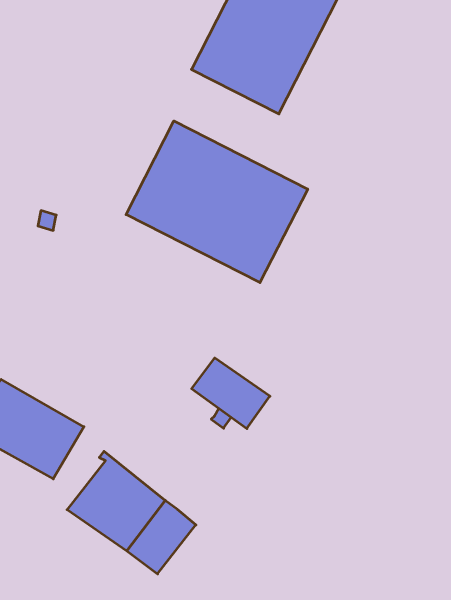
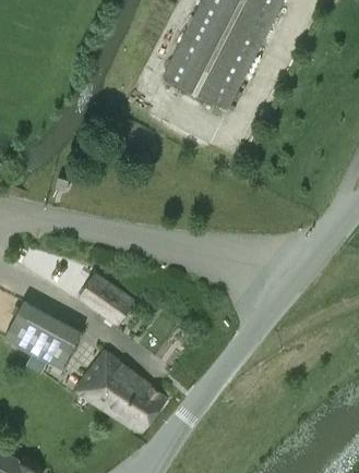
building: [126,121,308,283] -> none
building: [192,358,270,429] -> [77,275,133,325]

